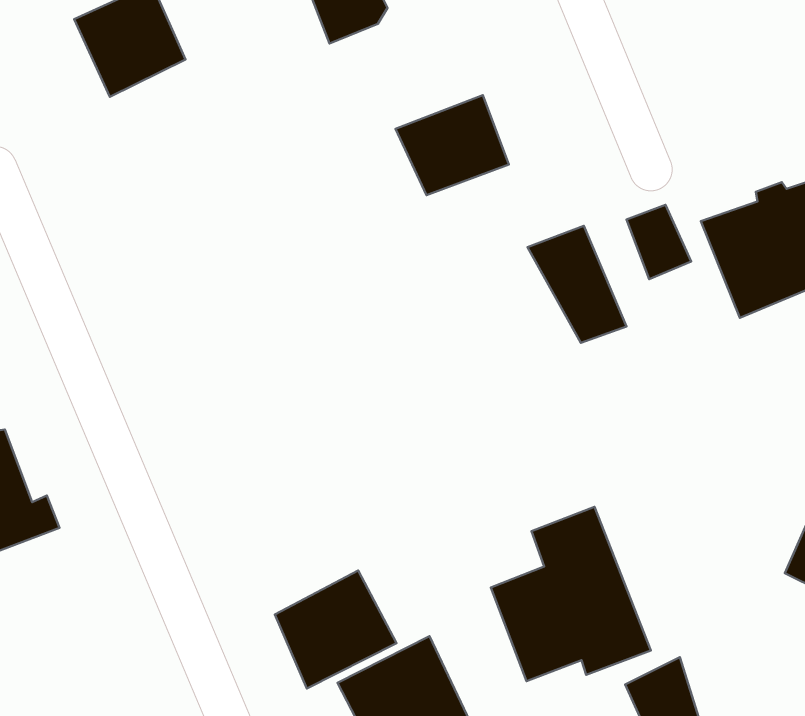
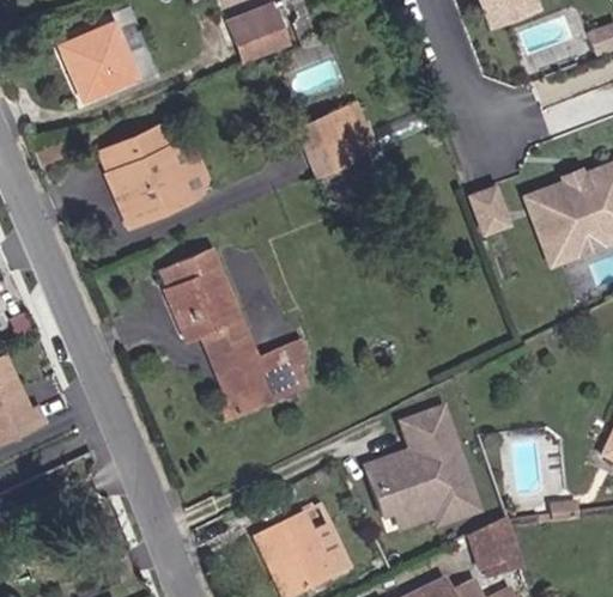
building: none -> [97,124,214,227]
building: [527,226,626,343] -> none
building: none -> [157,246,309,418]
building: [275,570,397,689] -> none

